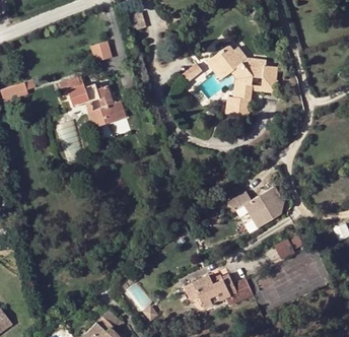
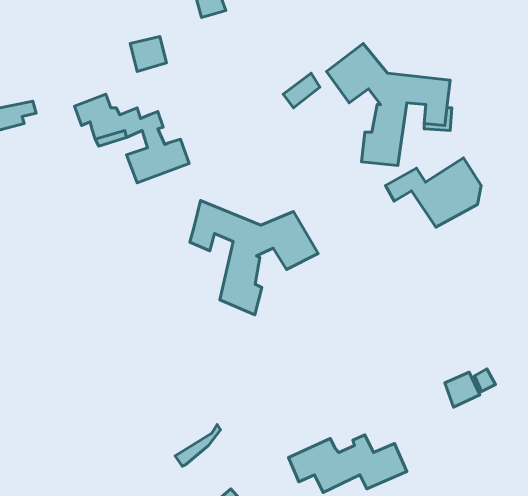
building: none -> [190,201,318,315]
building: [227,186,283,226] -> [385,158,481,227]

